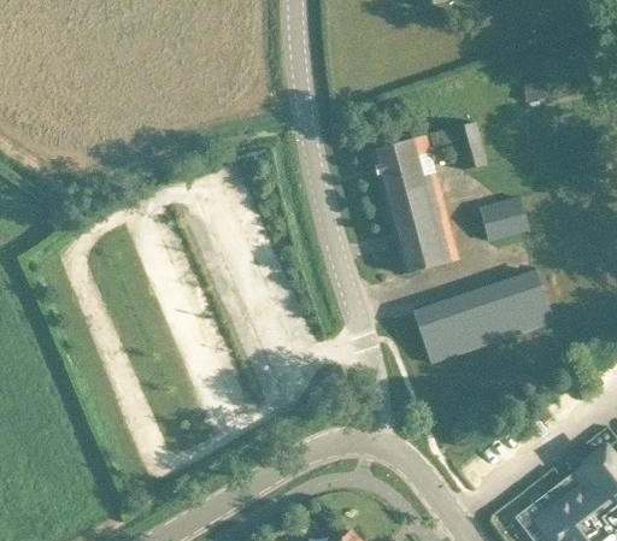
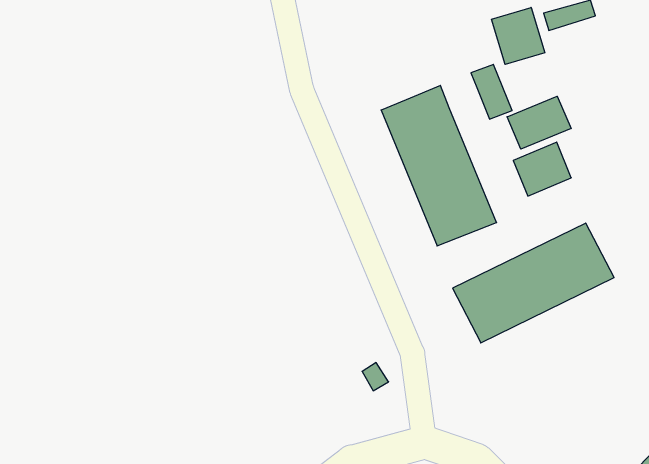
building: none -> [491,7,545,64]
building: none -> [507,96,571,149]

